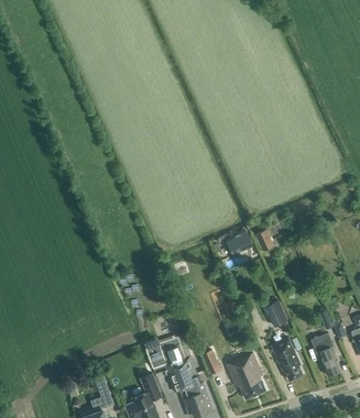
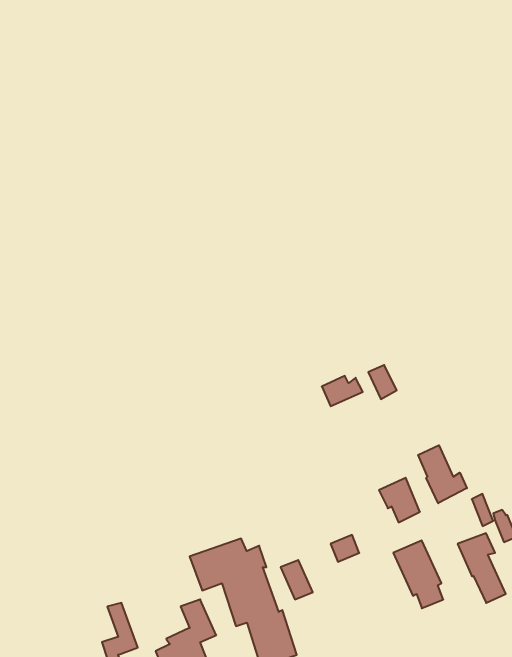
building: none -> [418,445,467,503]
building: [227,353,266,399] -> none

